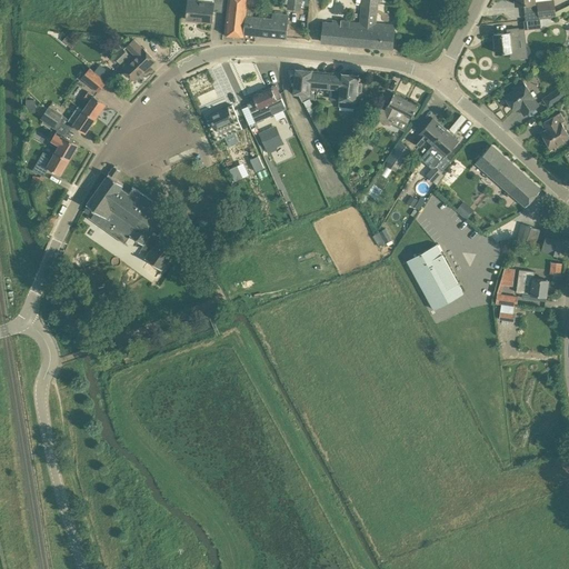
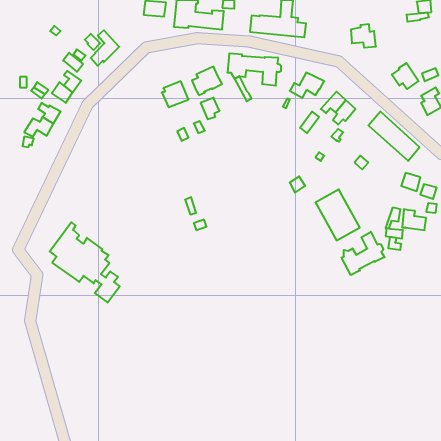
building: [493,29,526,59] -> [351,24,376,48]
building: [86,167,176,270] -> [50,222,120,303]
building: none -> [341,232,385,275]

